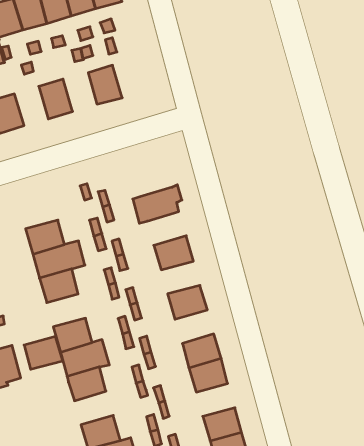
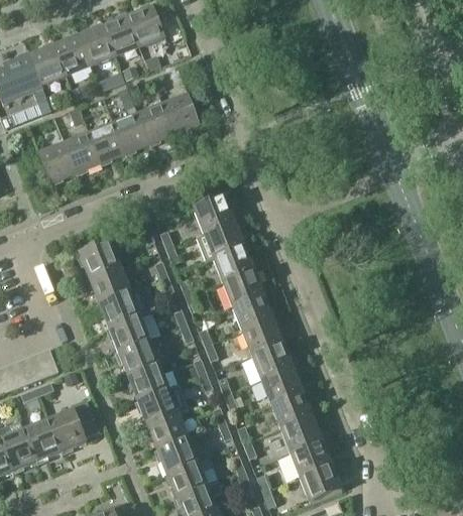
building: none -> [161,92,200,134]
building: none -> [112,112,149,153]
building: none -> [64,131,101,172]
building: none -> [193,196,235,234]
building: none -> [79,241,121,278]
building: none -> [213,245,254,282]
building: none -> [232,294,273,331]
building: none -> [251,343,293,380]
building: [24,336,63,369] -> [118,340,159,376]
building: none -> [280,416,322,453]
building: none -> [156,436,198,474]

